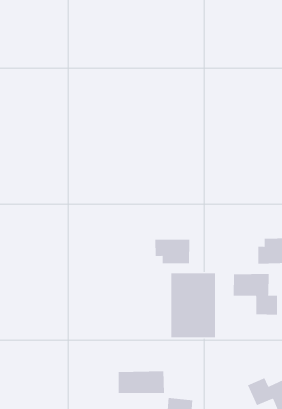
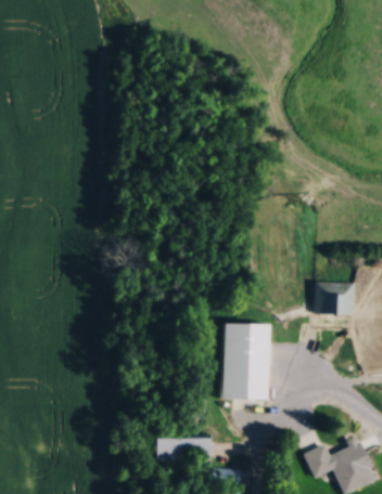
building: [155,239,190,264] -> none
building: [233,273,278,315] -> none

